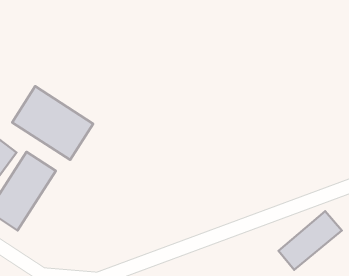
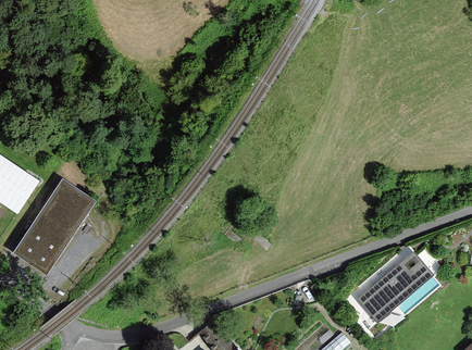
building: [12,86,93,160] -> none

